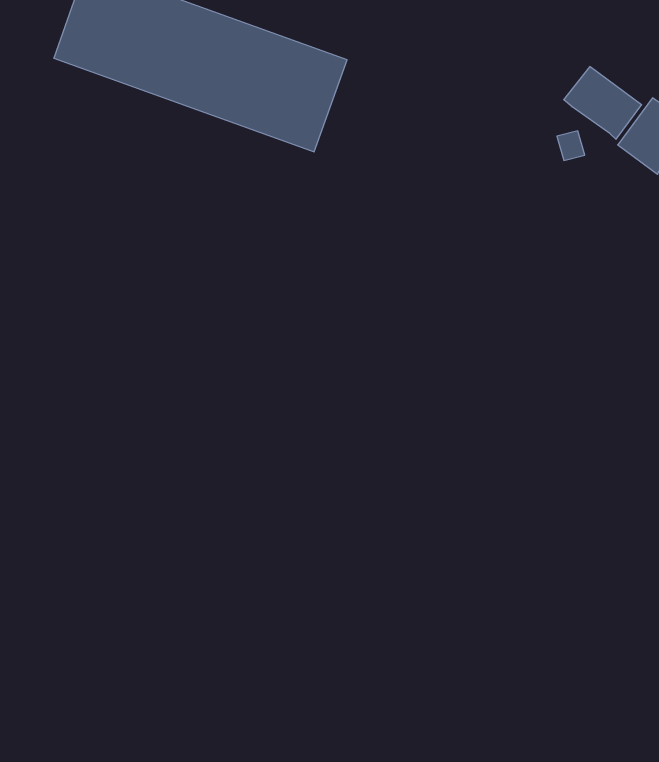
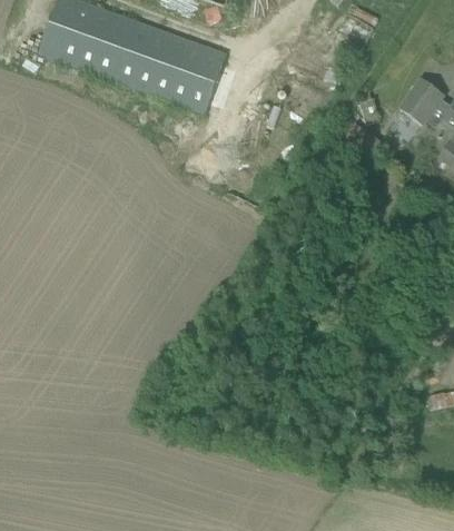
building: [564,67,642,139] -> none

